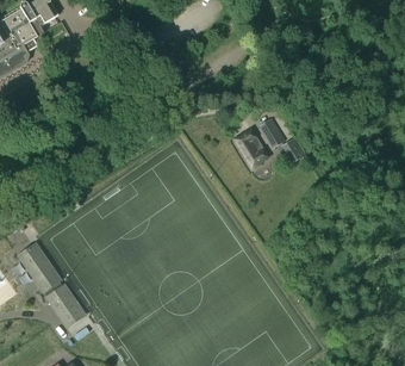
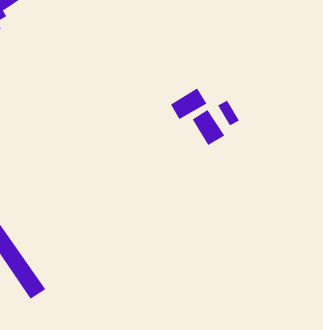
building: none -> [170,88,207,120]

